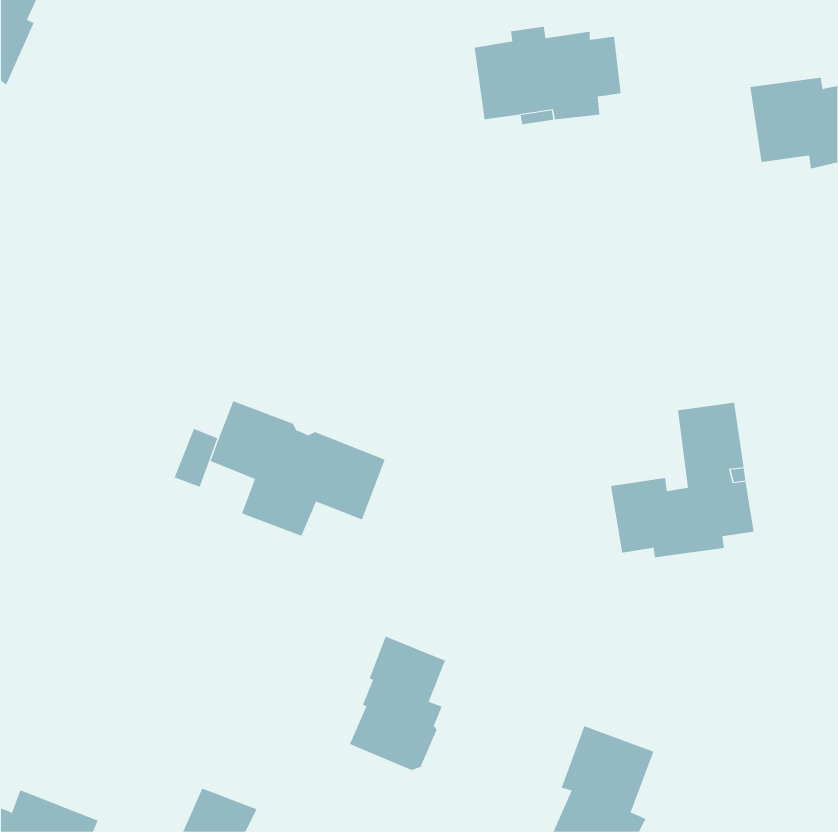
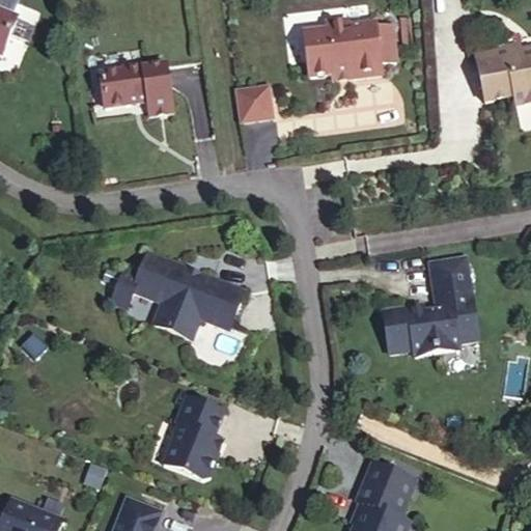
building: none -> [101,65,175,117]
building: none -> [234,88,270,123]
building: [349,636,446,770] -> [163,394,224,479]

